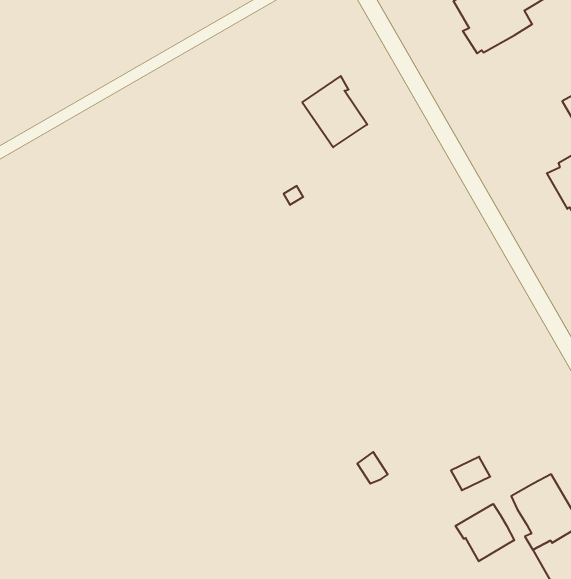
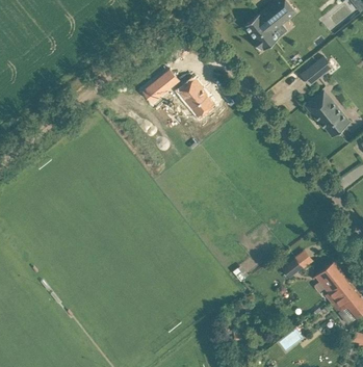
building: none -> [141,64,174,96]
building: [456,504,514,561] -> none

